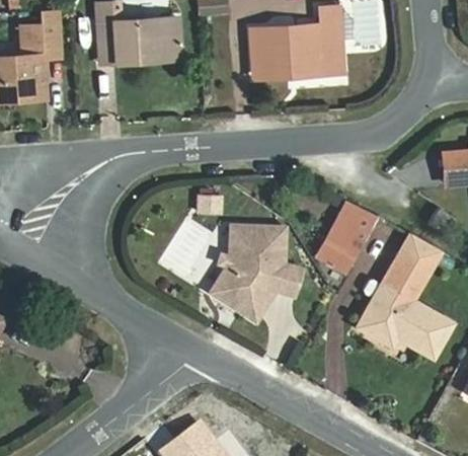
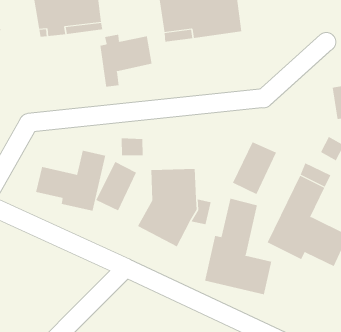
building: none -> [100,34,152,88]
building: none -> [36,150,106,212]
building: none -> [204,198,272,295]

